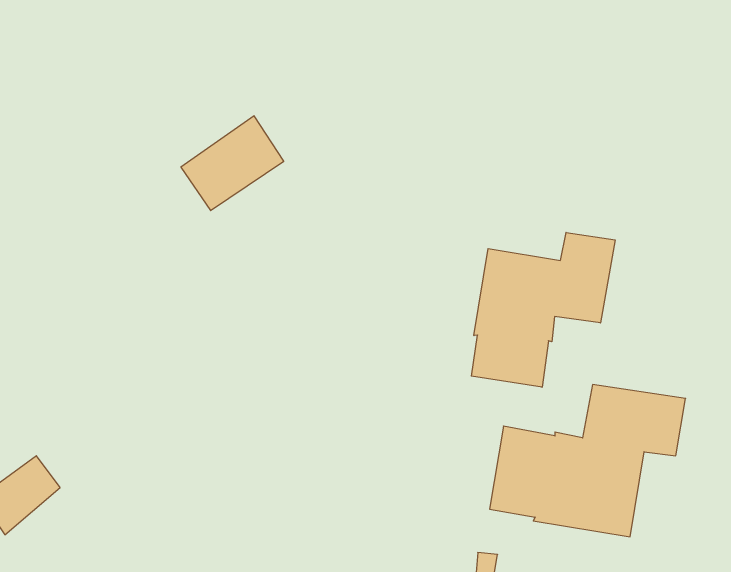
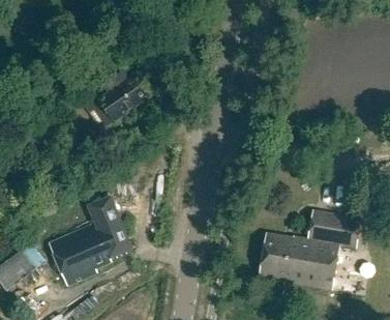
building: [471,232,615,387] -> none
building: none -> [49,196,131,283]

